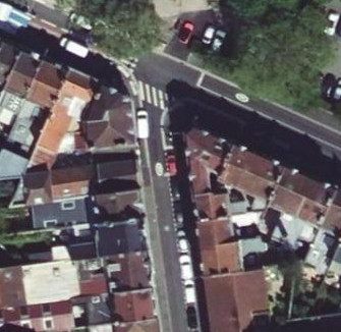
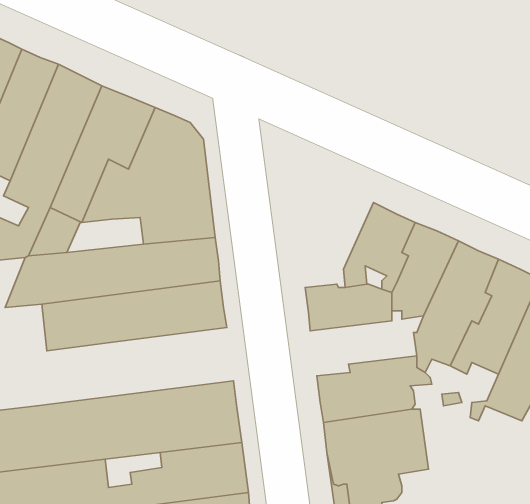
building: [183,124,233,193] -> none
building: [194,211,264,247] -> none
building: [26,218,148,266] -> none

